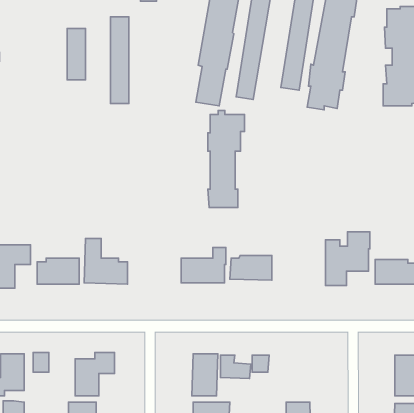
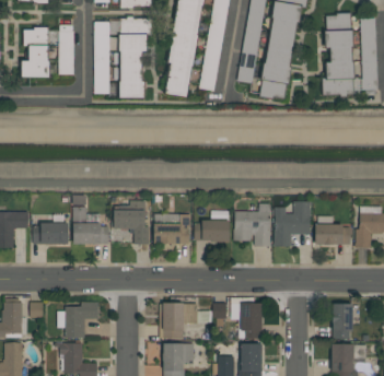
building: none -> [21,28,48,78]
building: [208,110,244,207] -> [118,16,149,97]
building: none -> [113,210,149,245]
building: none -> [233,211,270,247]
building: none -> [241,303,260,339]

